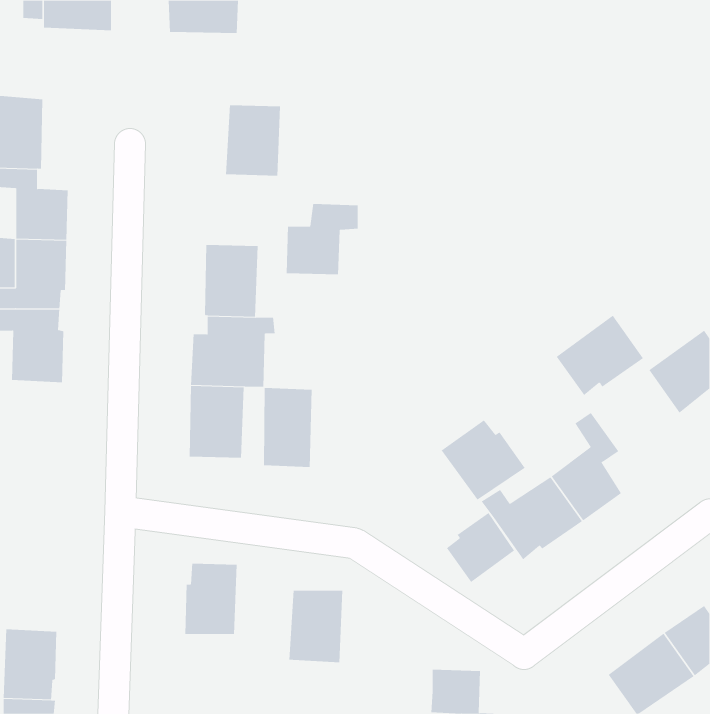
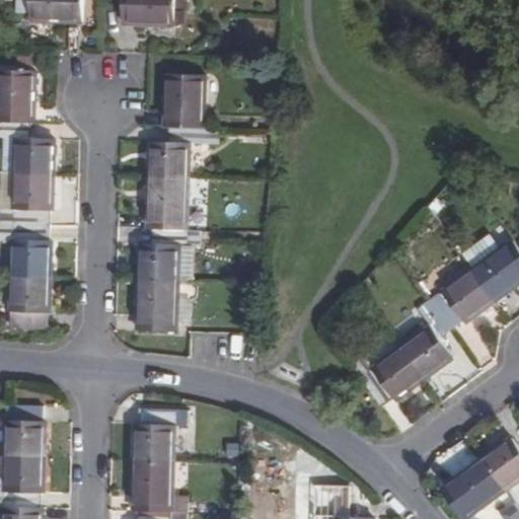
building: [286,204,359,275] -> [149,127,202,178]
building: [556,315,644,396] -> [429,269,493,327]
building: none -> [5,276,46,327]
building: [263,387,312,468] -> none
building: [441,419,525,501] -> none
building: [446,512,515,583] -> none
building: none -> [4,405,43,458]
building: [289,590,343,663] -> [131,460,170,513]

